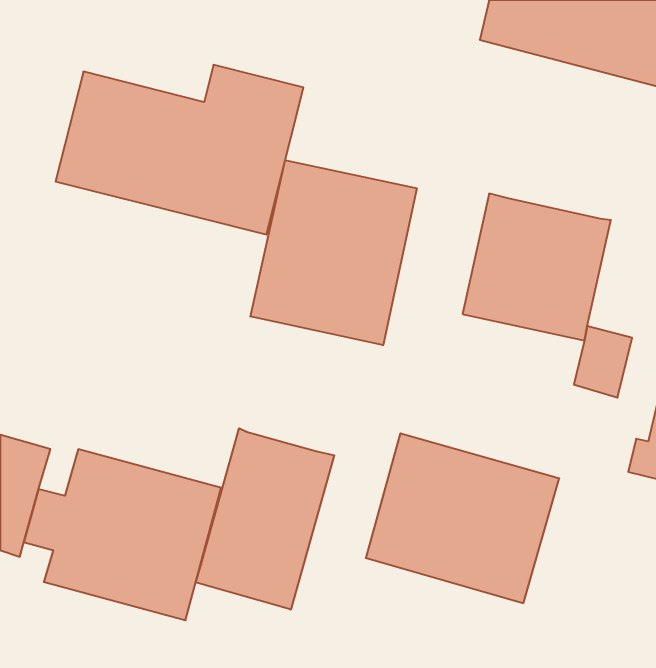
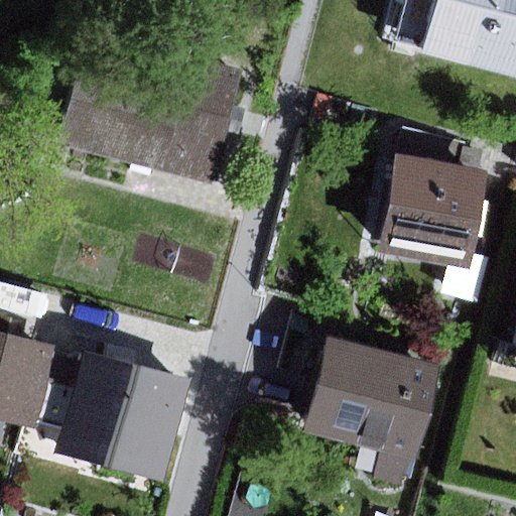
building: [250,160,417,345] -> none
building: [196,428,334,610] -> none

